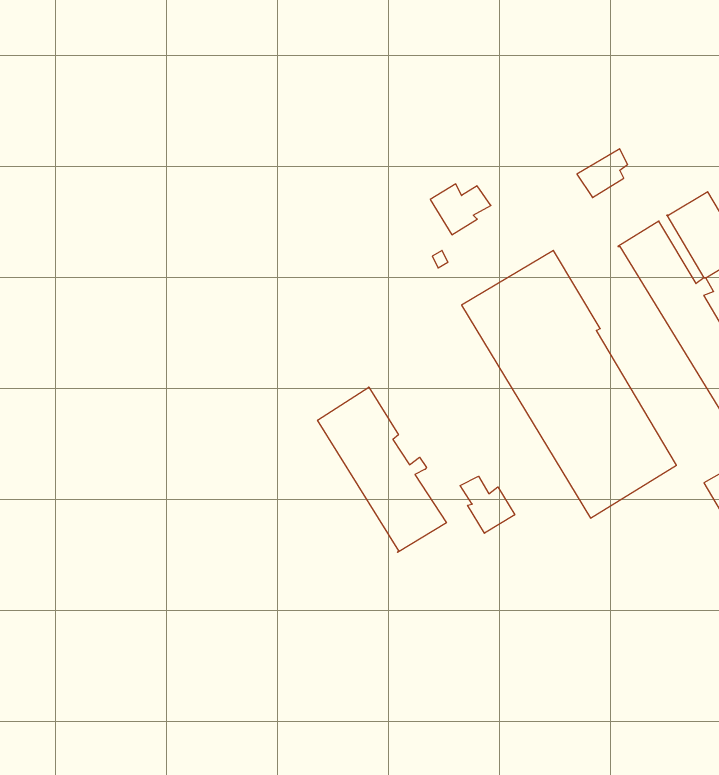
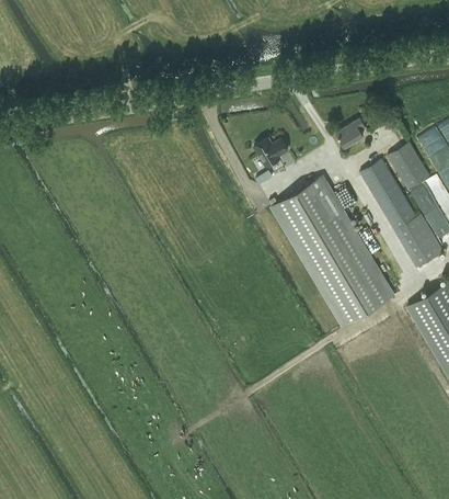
building: [318,387,446,552] -> none
building: [460,476,515,533] -> none

